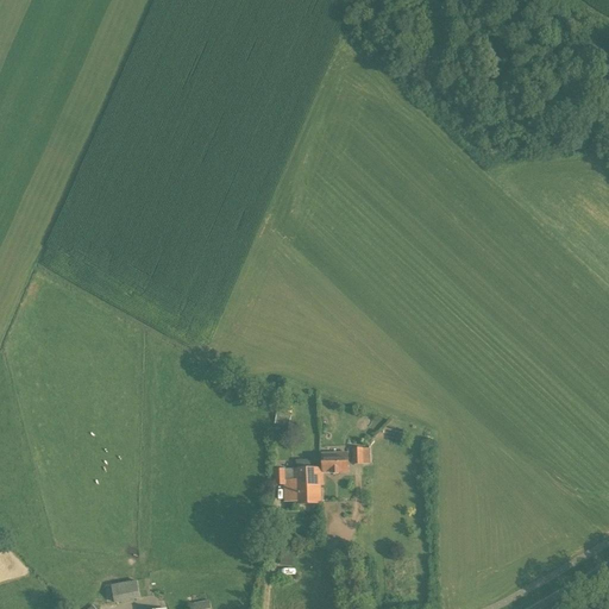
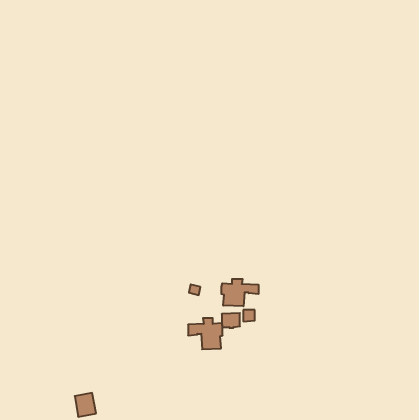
building: none -> [221,279,258,306]

